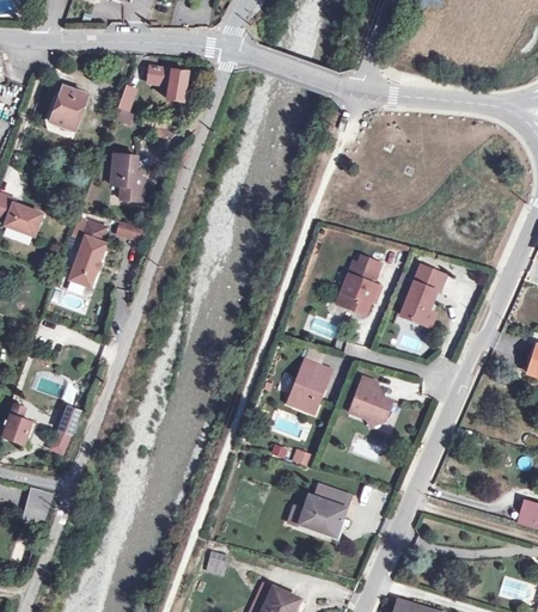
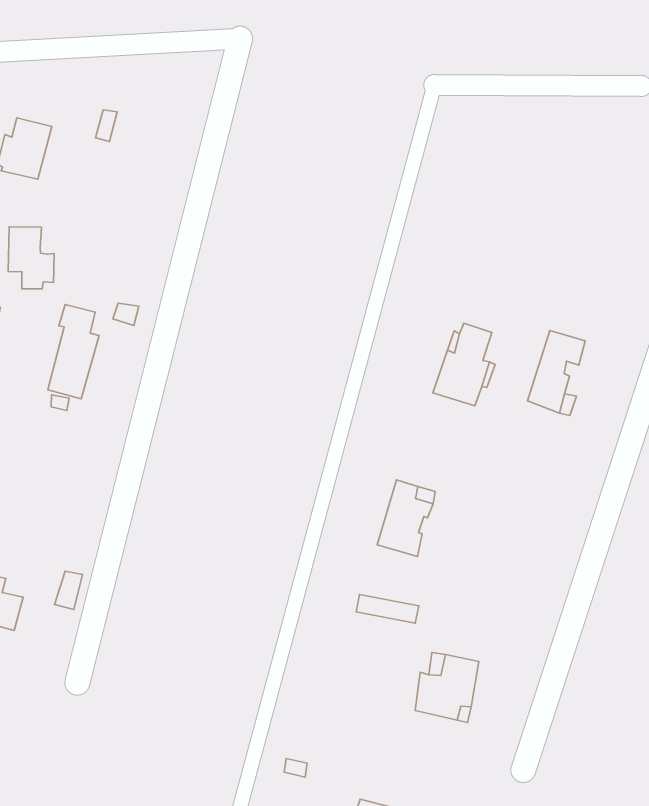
building: [148,62,188,98] -> none
building: [110,151,143,196] -> [8,227,54,289]
building: [349,379,395,422] -> none
building: [24,486,53,524] -> none

